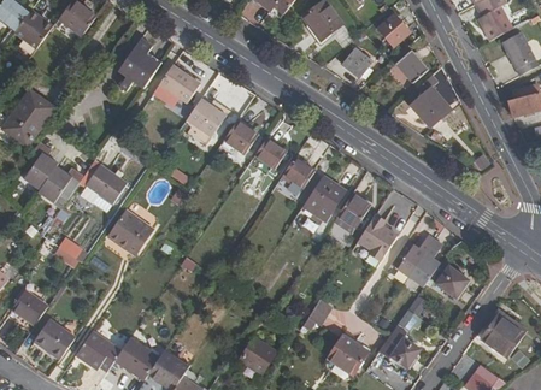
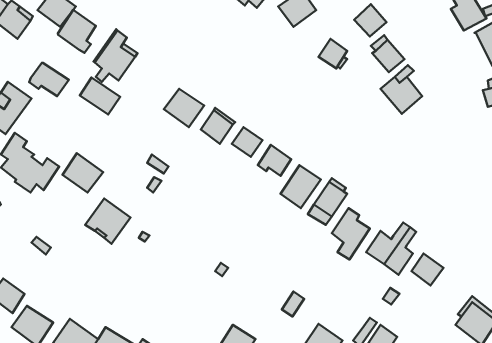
building: none -> [58,10,96,53]
building: [159,67,200,105] -> [80,78,120,115]
building: none -> [29,63,69,96]

